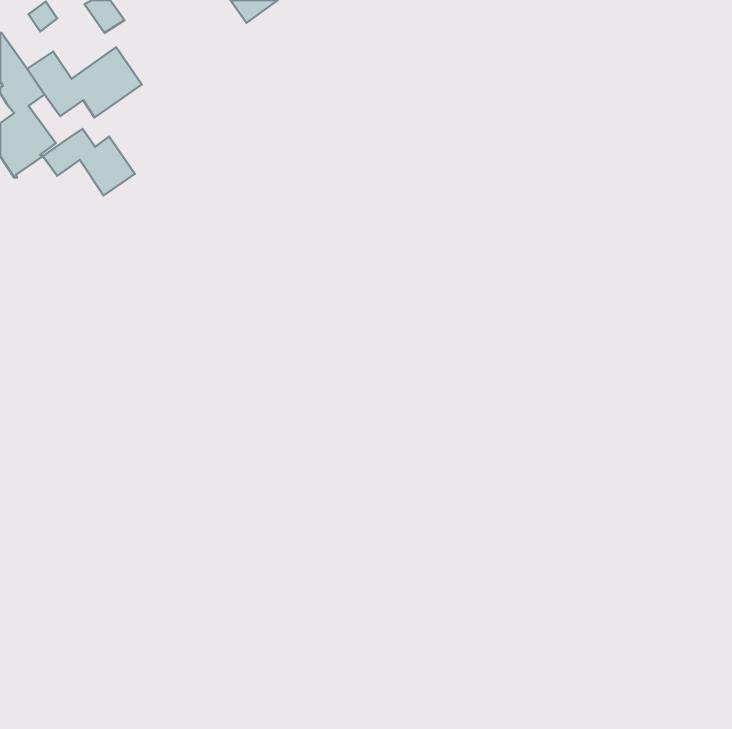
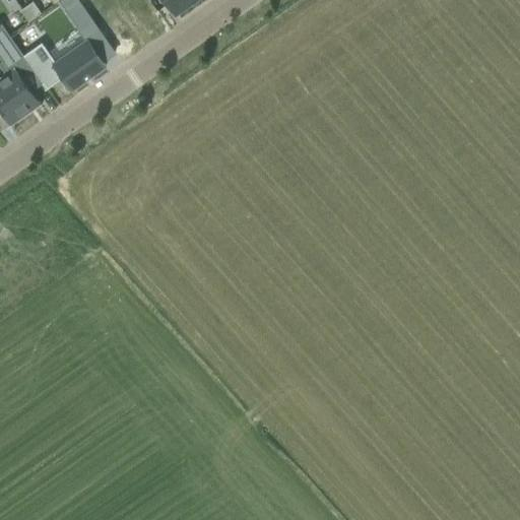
building: [43,129,135,195] -> none

